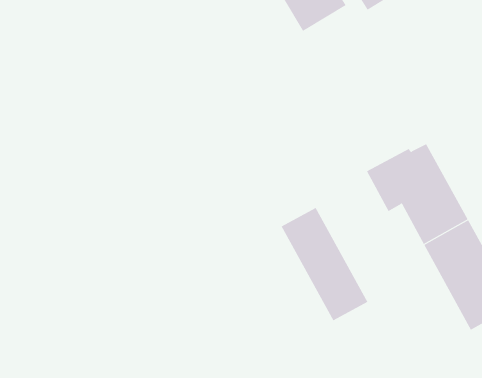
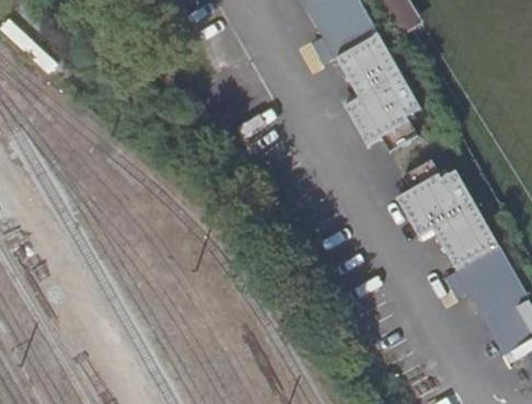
building: none -> [335,30,418,142]
building: [281,207,368,321] -> none

